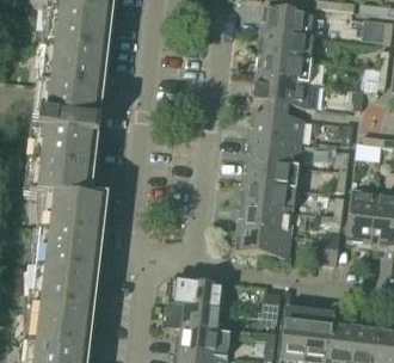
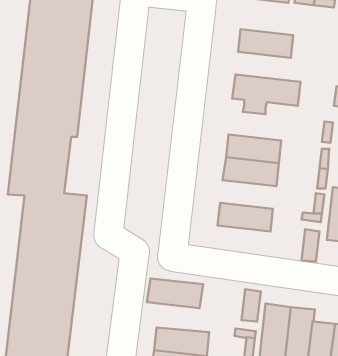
building: [260,8,316,38] -> none
building: [256,55,310,84] -> none
building: [248,113,303,143] -> none
building: [240,183,296,211] -> none
building: [235,228,290,259] -> none
building: [165,304,229,334] -> none

